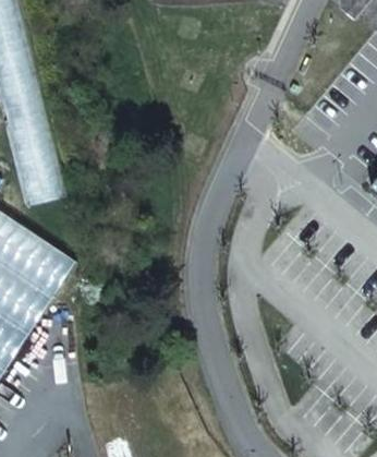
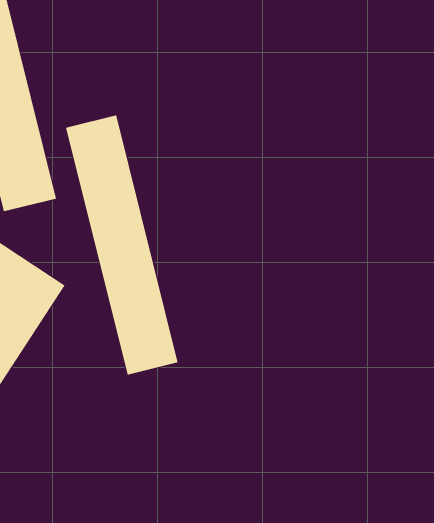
building: none -> [66,115,178,376]

